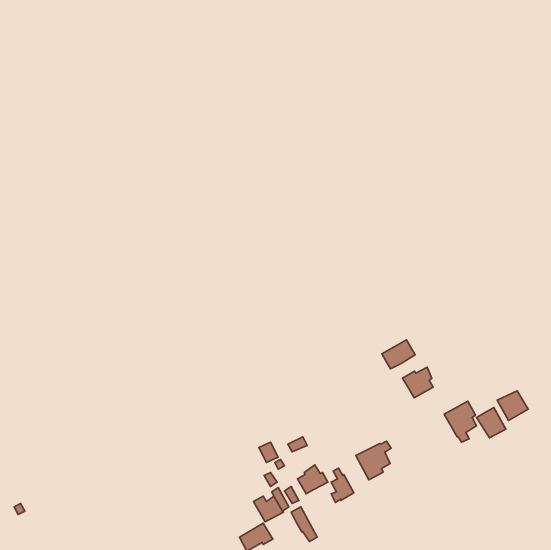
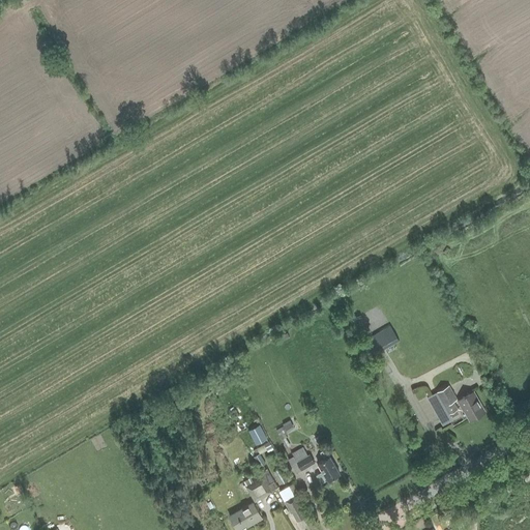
building: [403,367,433,398] -> none
building: [497,391,528,421] -> none
building: [356,441,391,480] -> none

